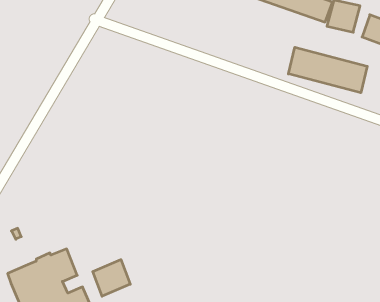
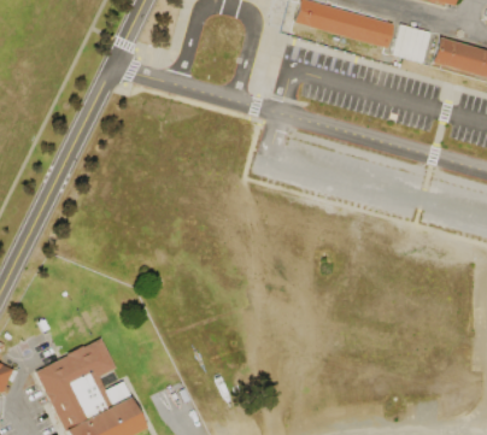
building: [288,47,367,93] -> none
building: [93,260,130,296] -> none

